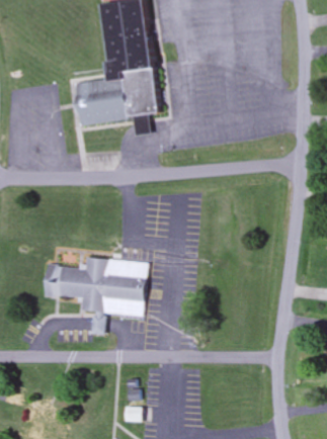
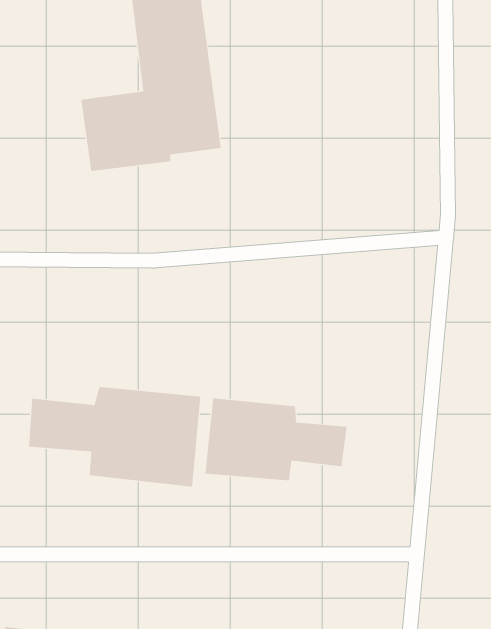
building: none -> [205,398,347,481]

